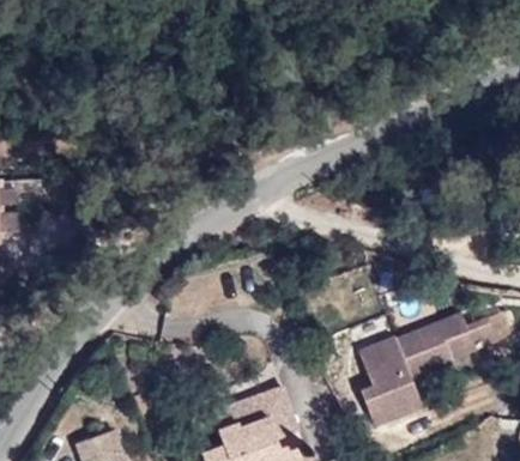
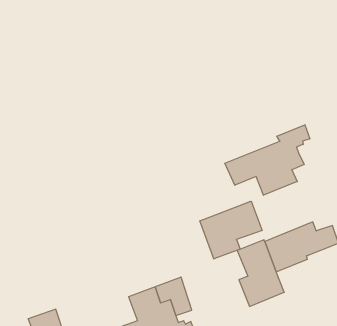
building: none -> [225,125,310,195]
building: none -> [200,201,262,259]

